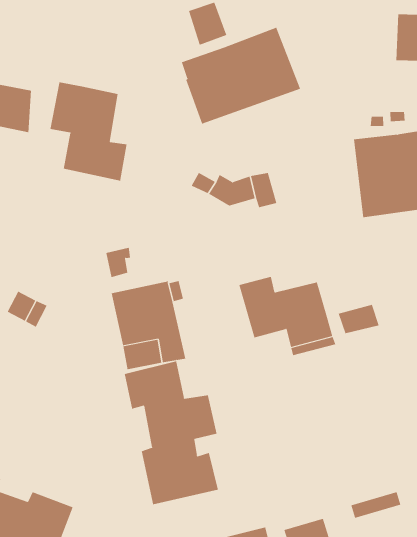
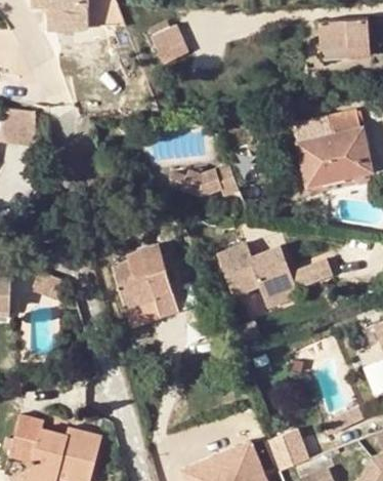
building: [181,27,301,125] -> none
building: [50,81,127,181] -> none
building: [124,360,218,505] -> none

